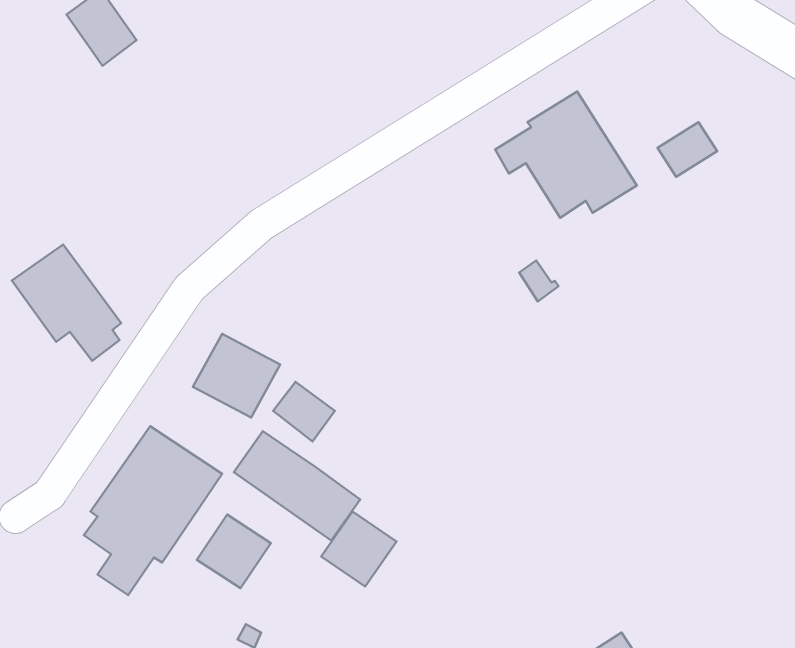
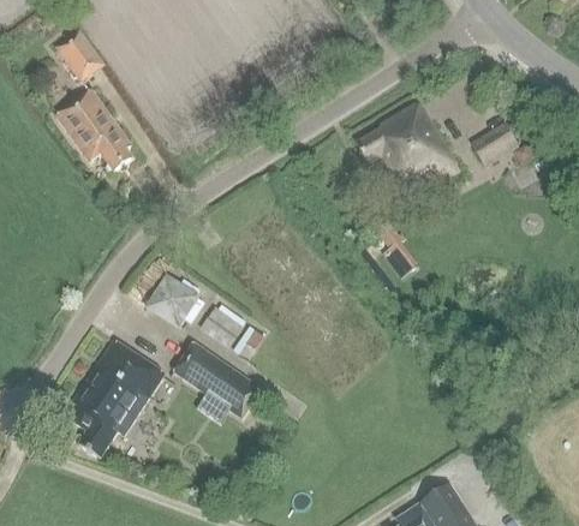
building: [12,245,121,361] -> [54,89,131,171]
building: [321,512,396,586] -> none
building: [197,515,271,588] -> none

